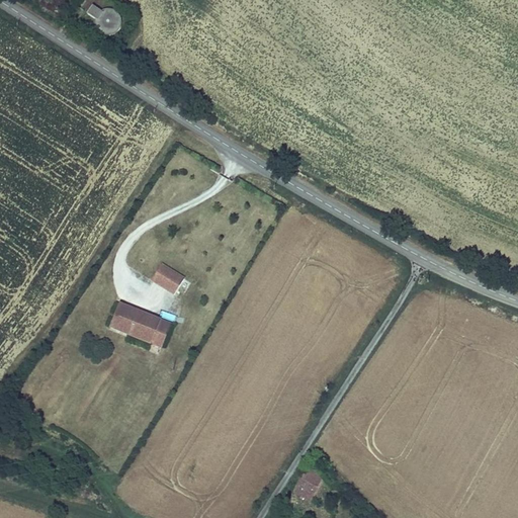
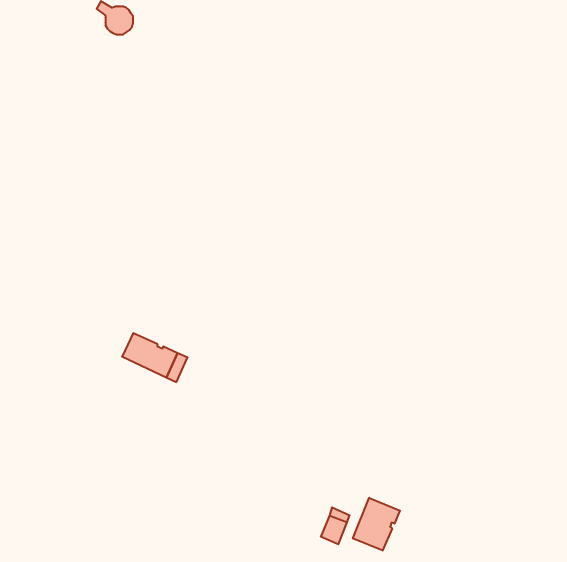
building: [151,262,183,292] -> none
building: none -> [353,498,400,551]

